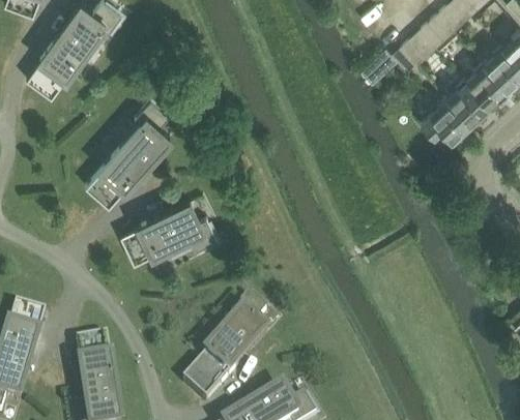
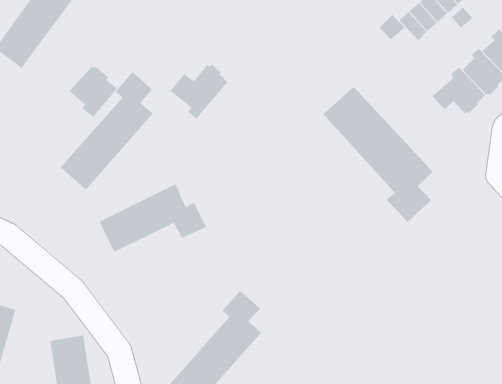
building: none -> [169,63,228,120]
building: none -> [66,66,118,118]
building: none -> [323,86,433,223]

